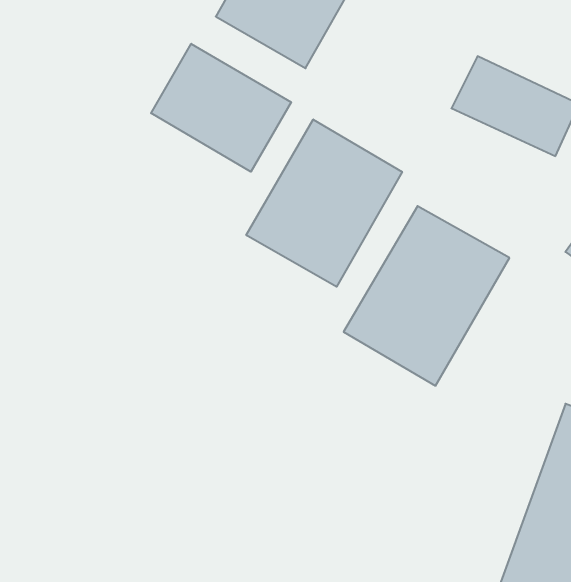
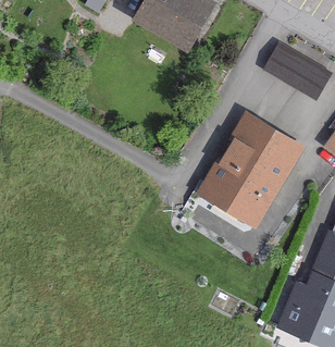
building: [151,44,291,172] -> none
building: [246,119,402,287] -> none

